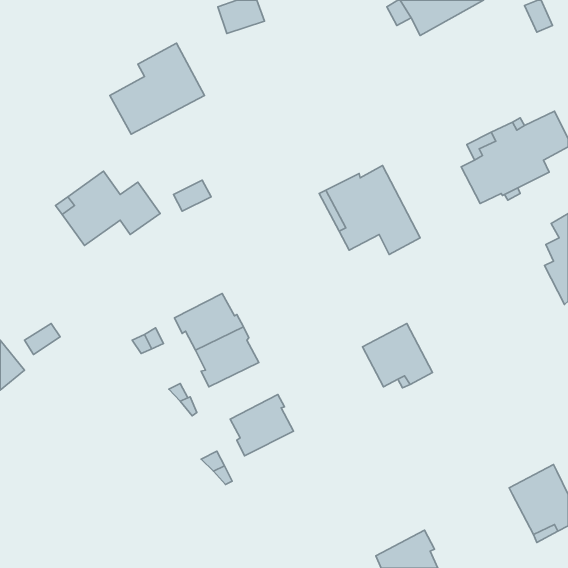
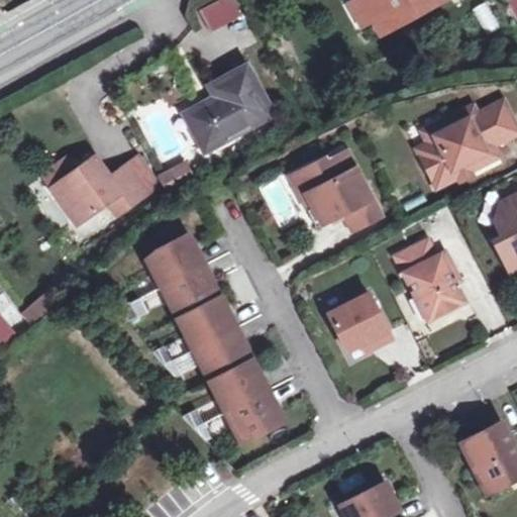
building: [110,43,204,134] -> [186,67,272,149]
building: none -> [144,235,202,289]
building: none -> [397,240,464,319]
building: none -> [190,329,252,381]
building: none -> [222,392,285,443]

